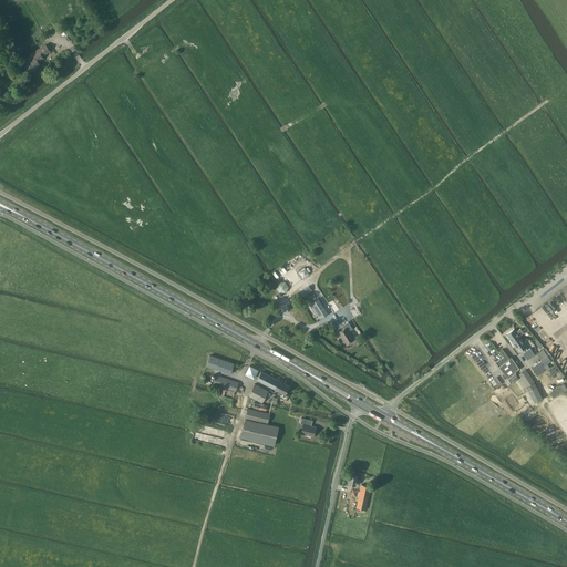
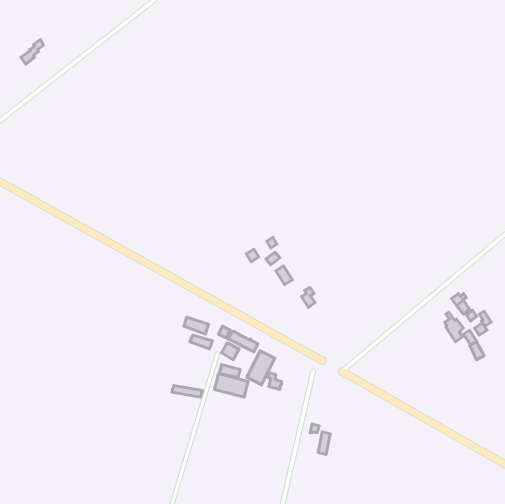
building: none -> [247,351,275,385]

